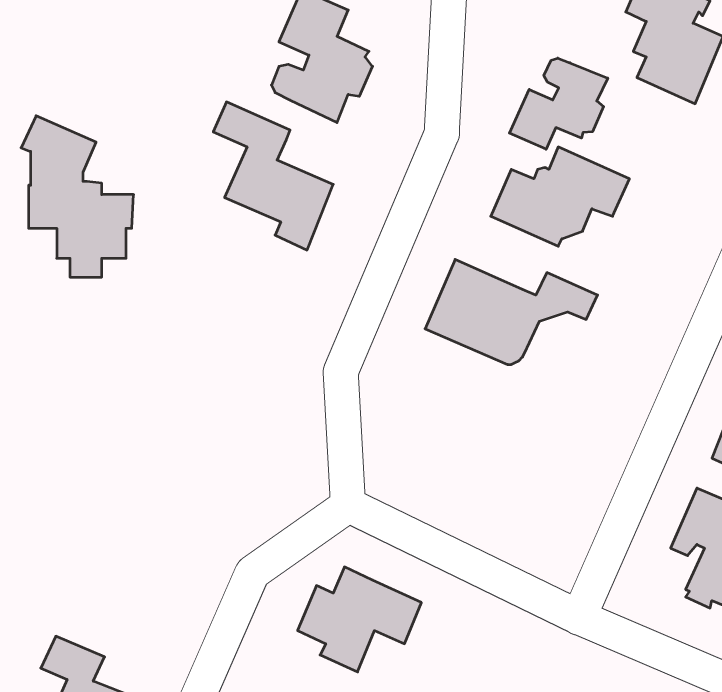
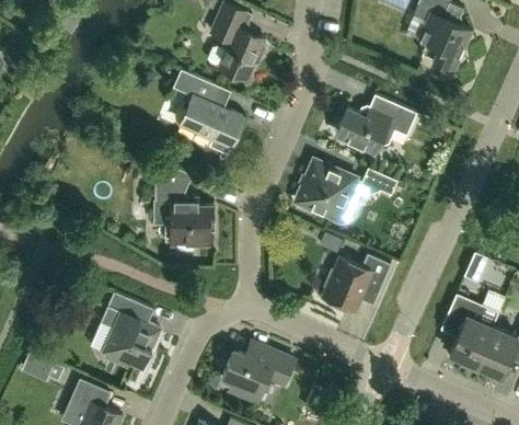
building: [509,58,608,149] -> none
building: [21,116,134,277] -> [149,160,215,254]
building: none -> [323,255,391,311]
building: none -> [100,292,160,370]

